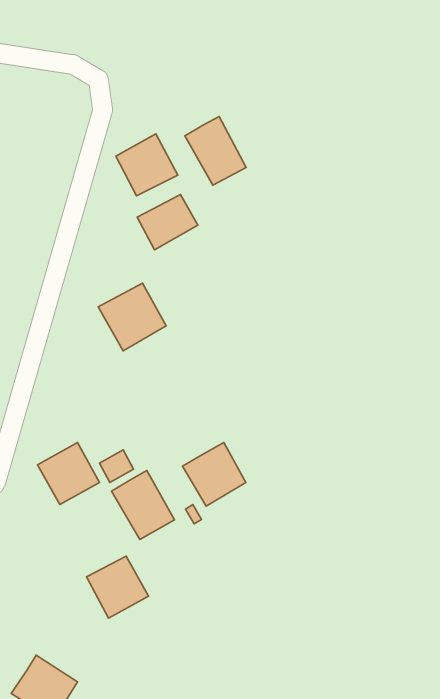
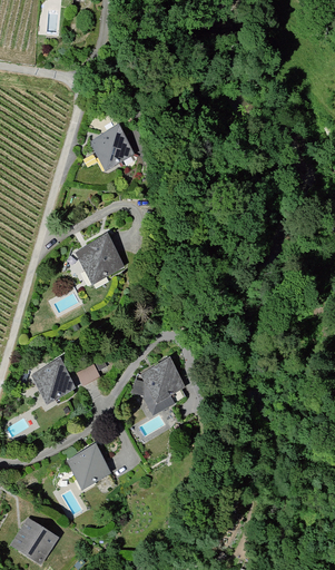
building: [185,116,246,185] -> none
building: [137,194,198,250] -> none
building: [111,470,175,539] -> none

